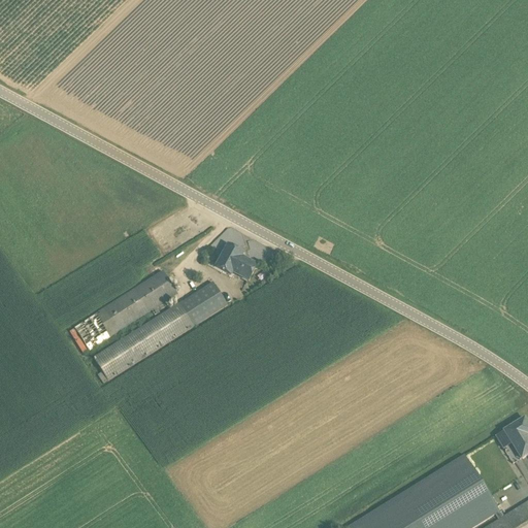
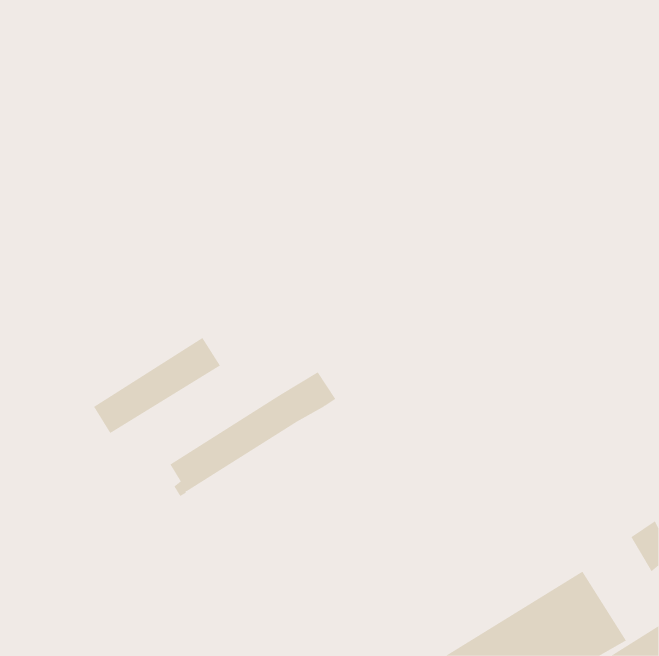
building: [214,242,257,282] -> none
building: [94,282,227,382] -> [170,372,336,497]

